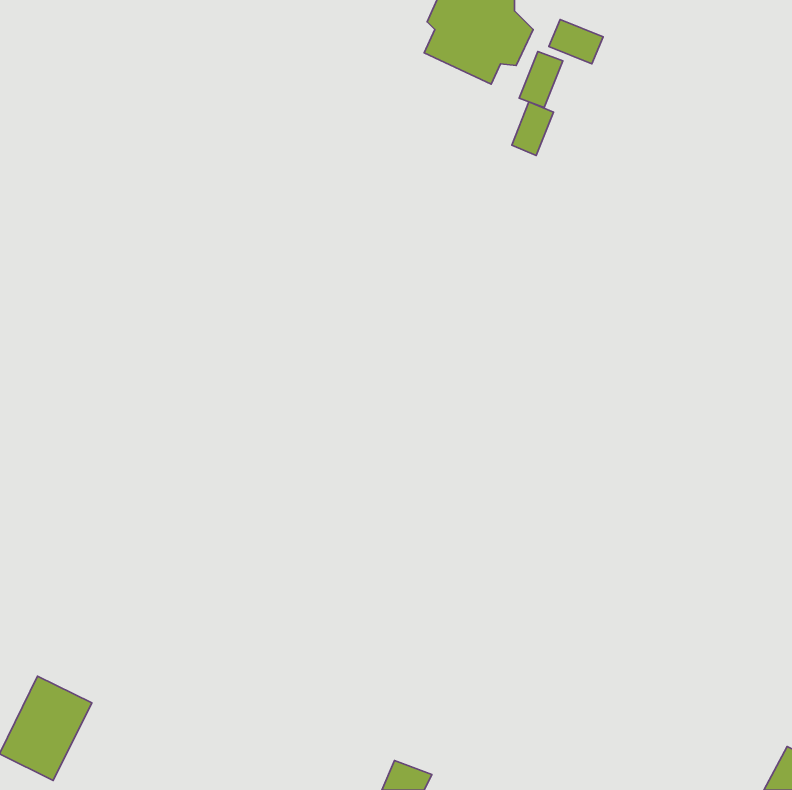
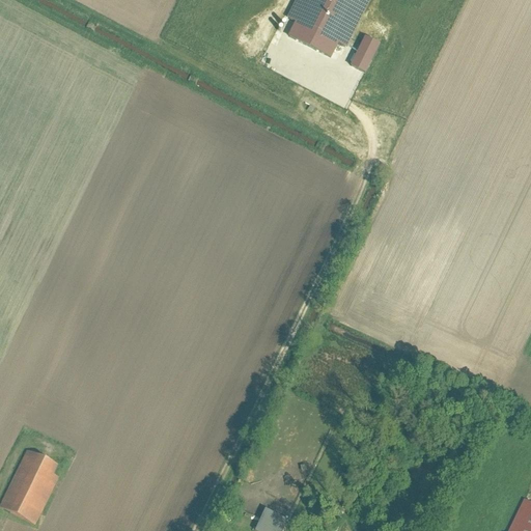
building: [549,20,603,64] -> none
building: [512,102,553,155] -> none

